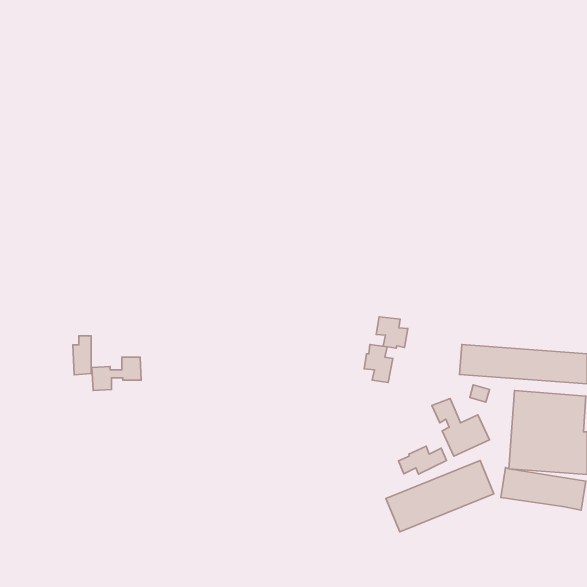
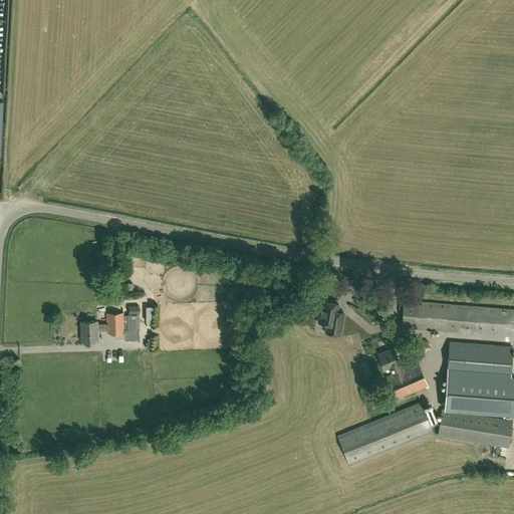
building: [376,317,408,348] -> none
building: [73,336,91,375] -> [123,306,140,340]
building: [398,446,447,474] -> none

